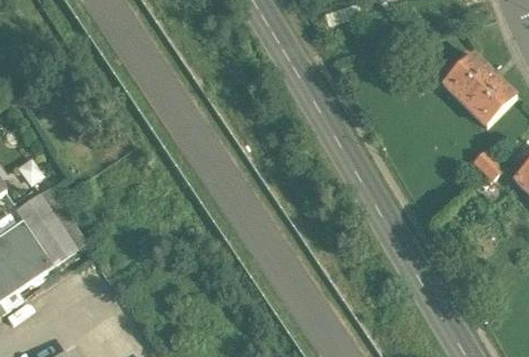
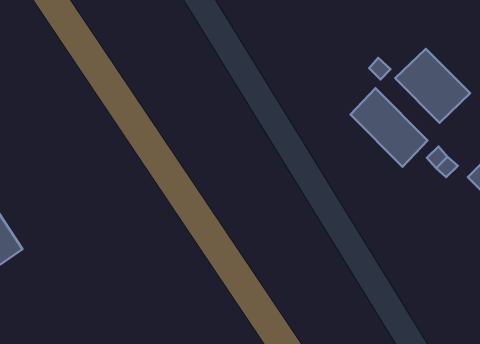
building: none -> [350,88,428,167]

